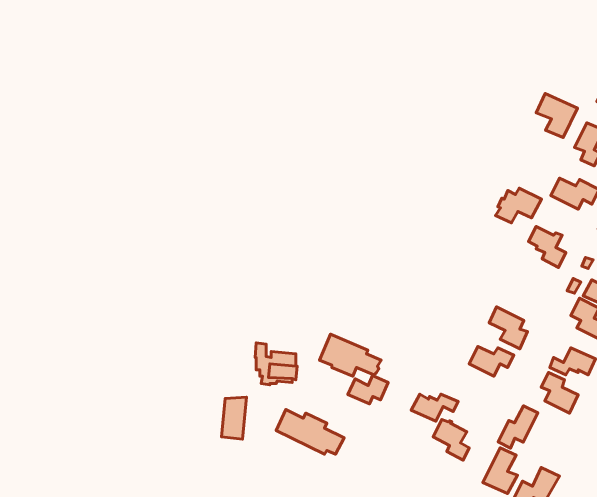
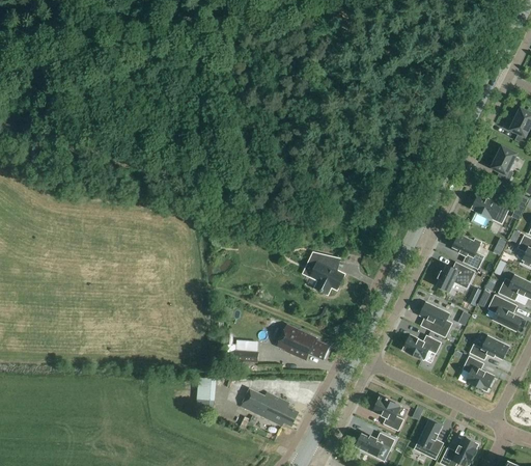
building: [536,94,578,137] -> none
building: [496,188,541,223] -> [436,262,474,291]
building: none -> [307,252,343,294]
building: [348,376,388,404] -> none
building: [411,394,458,421] -> [355,433,394,456]
building: [498,406,538,448] -> none

